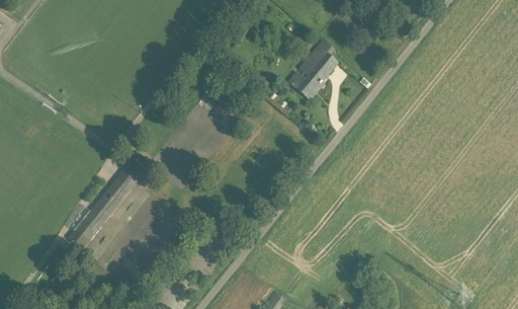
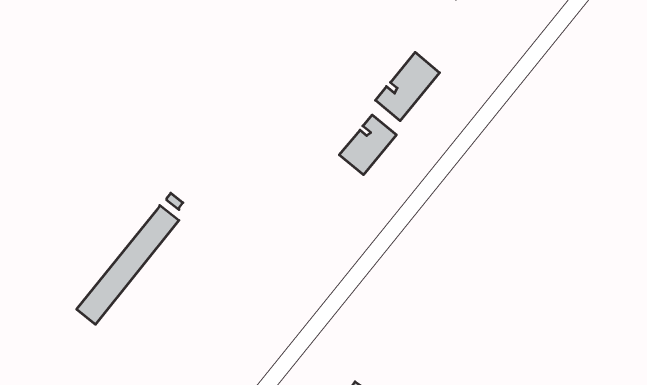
building: none -> [339,115,396,175]

